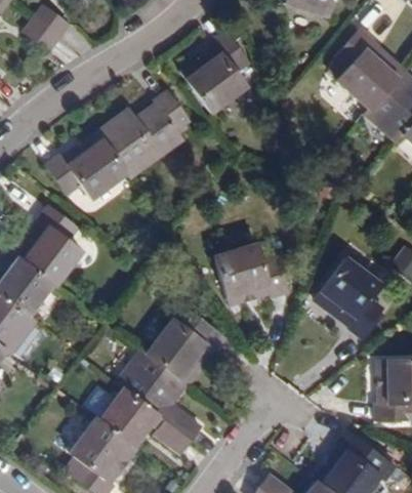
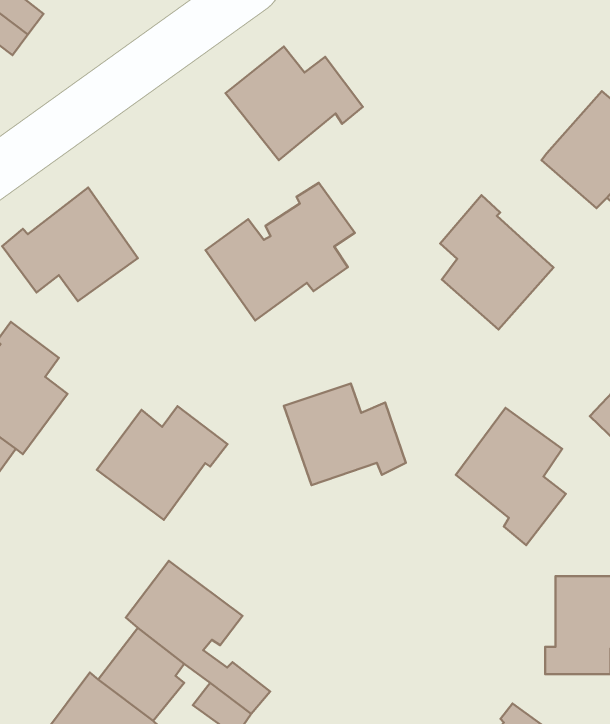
building: [334,28,402,108] -> [440,195,554,329]
building: [95,88,184,170] -> [205,183,355,321]
building: [148,316,225,383] -> [97,406,227,520]

